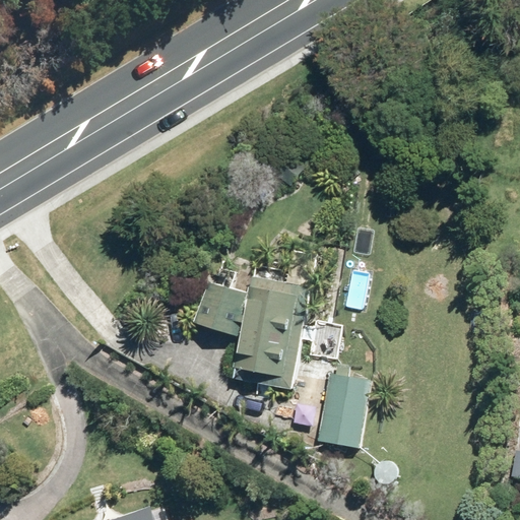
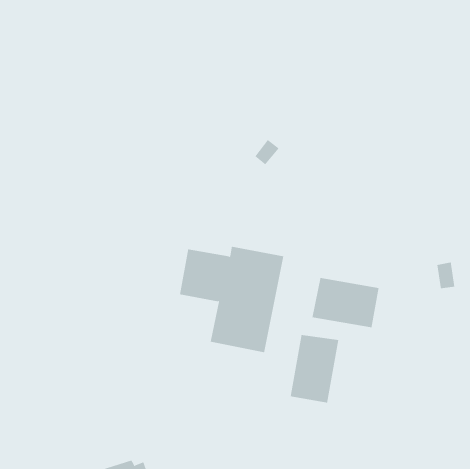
building: none -> [312,277,379,328]

